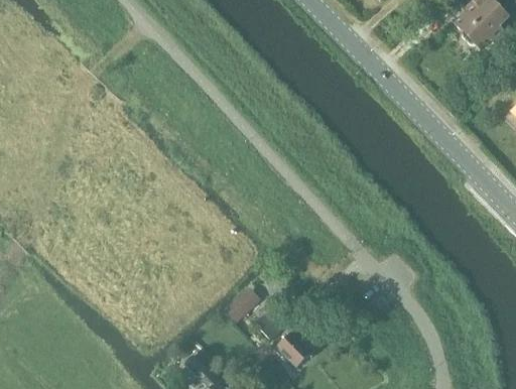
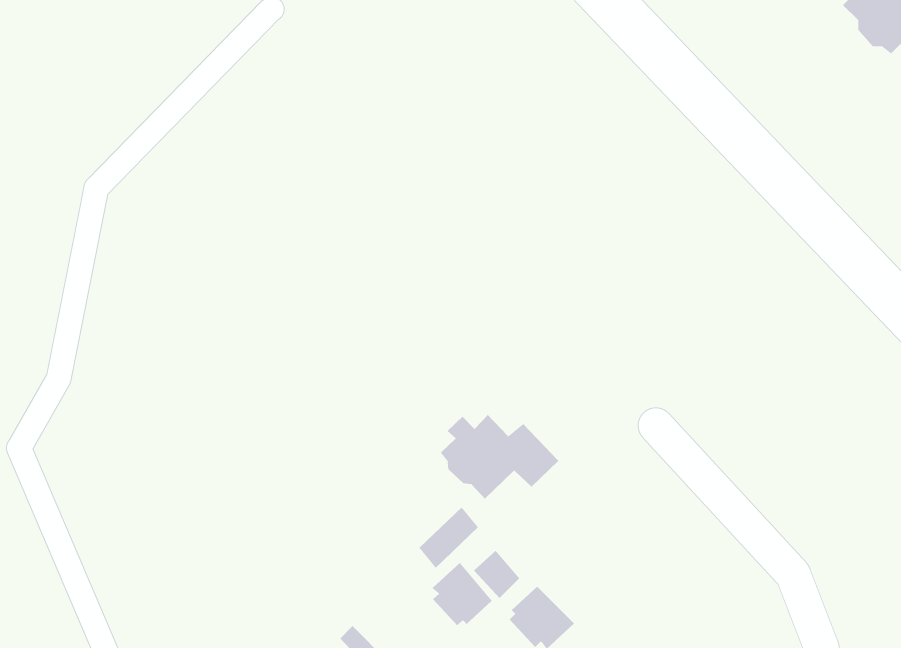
building: none -> [440,414,559,499]
building: none -> [432,562,493,626]

